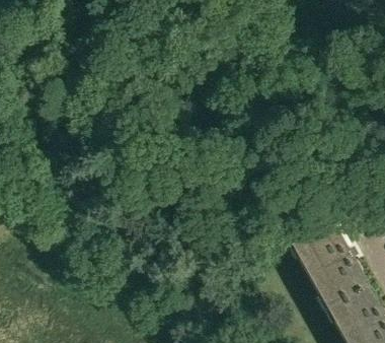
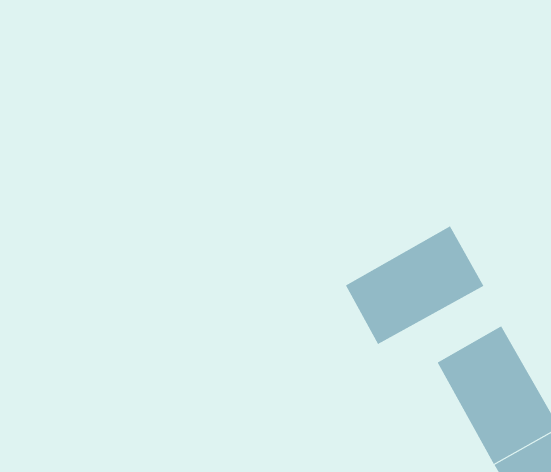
building: none -> [345,226,484,345]

